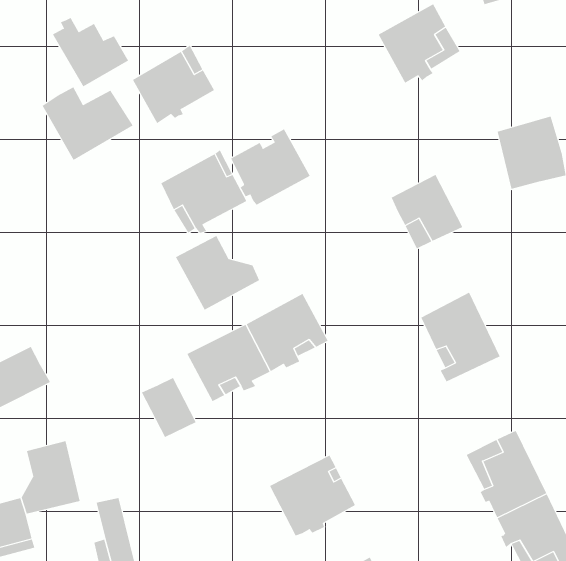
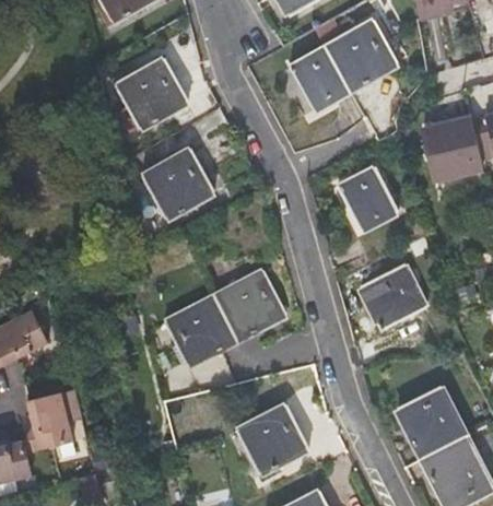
building: [52,17,129,87] -> none
building: none -> [291,48,348,108]
building: [42,87,134,161] -> none
building: [231,129,310,206] -> none
building: [175,235,260,311] -> none
building: [141,377,196,438] -> none

